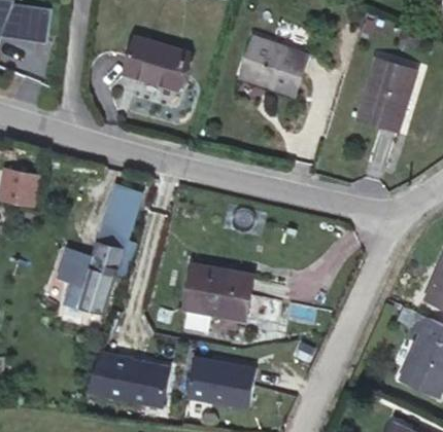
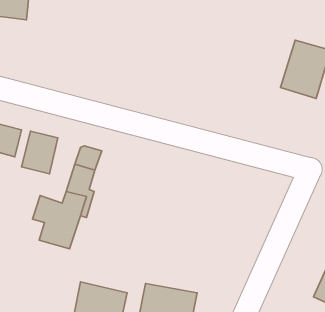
building: [128,34,193,82] -> none
building: [238,39,307,100] -> none
building: none -> [21,131,58,174]
building: [180,267,252,336] -> none

